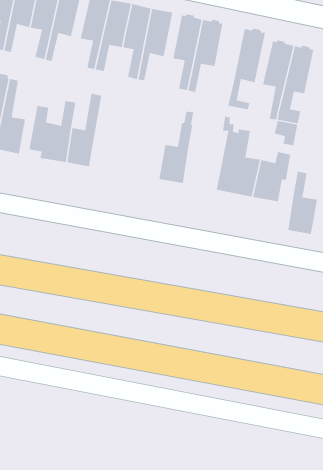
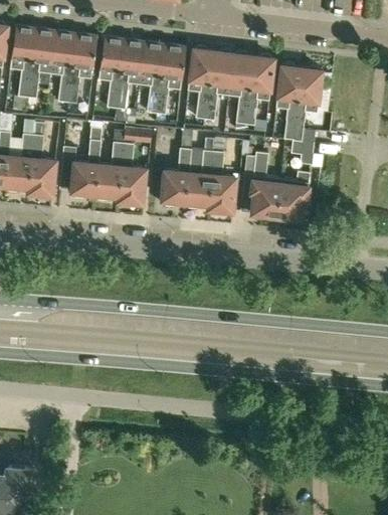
building: none -> [229,51,253,124]
building: none -> [119,127,152,202]
building: none -> [161,130,191,206]
building: [287,171,318,235] -> [209,151,235,210]

